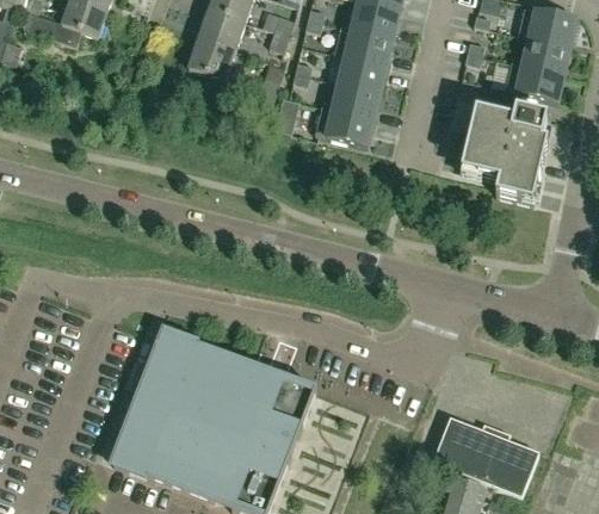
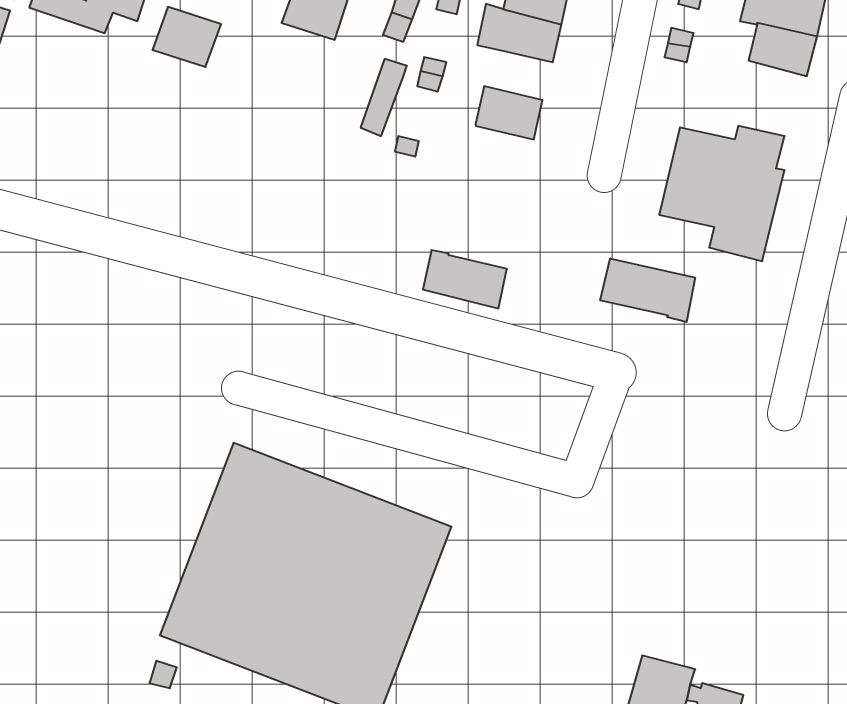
building: [187,36,235,78] -> [152,7,221,67]
building: [339,54,387,89] -> none
building: [505,58,563,100] -> none
building: [315,104,373,144] -> [423,250,507,308]
building: none -> [600,258,695,322]
building: [432,415,538,494] -> none

